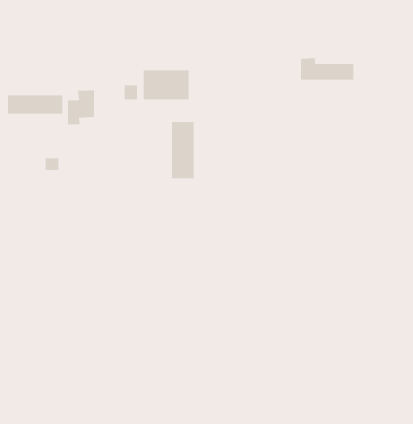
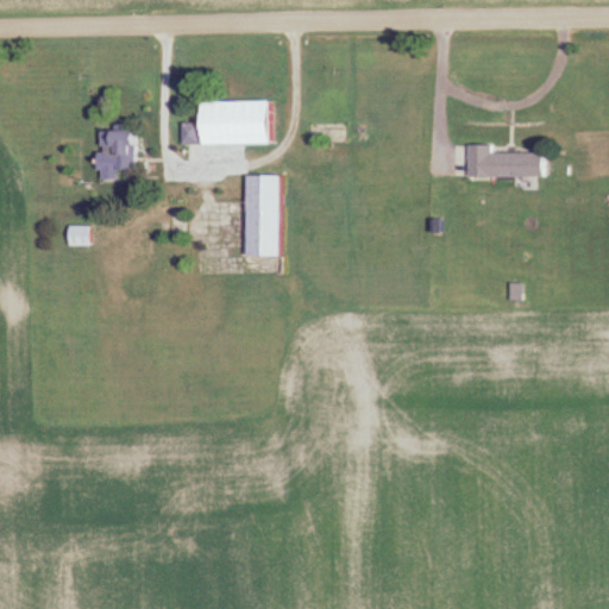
building: [300,58,354,80] -> [464,144,541,176]
building: [8,94,63,115] -> none

